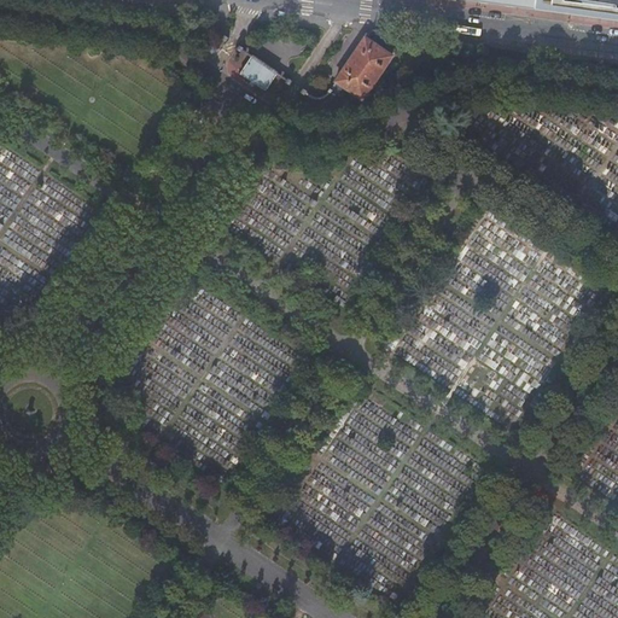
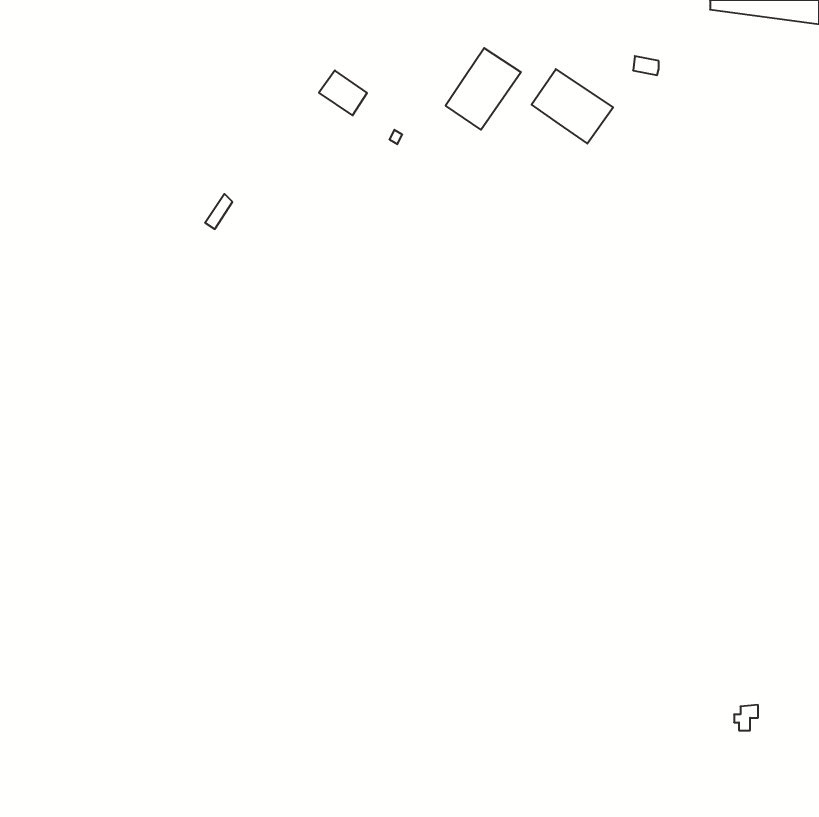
building: none -> [532,69,613,144]

